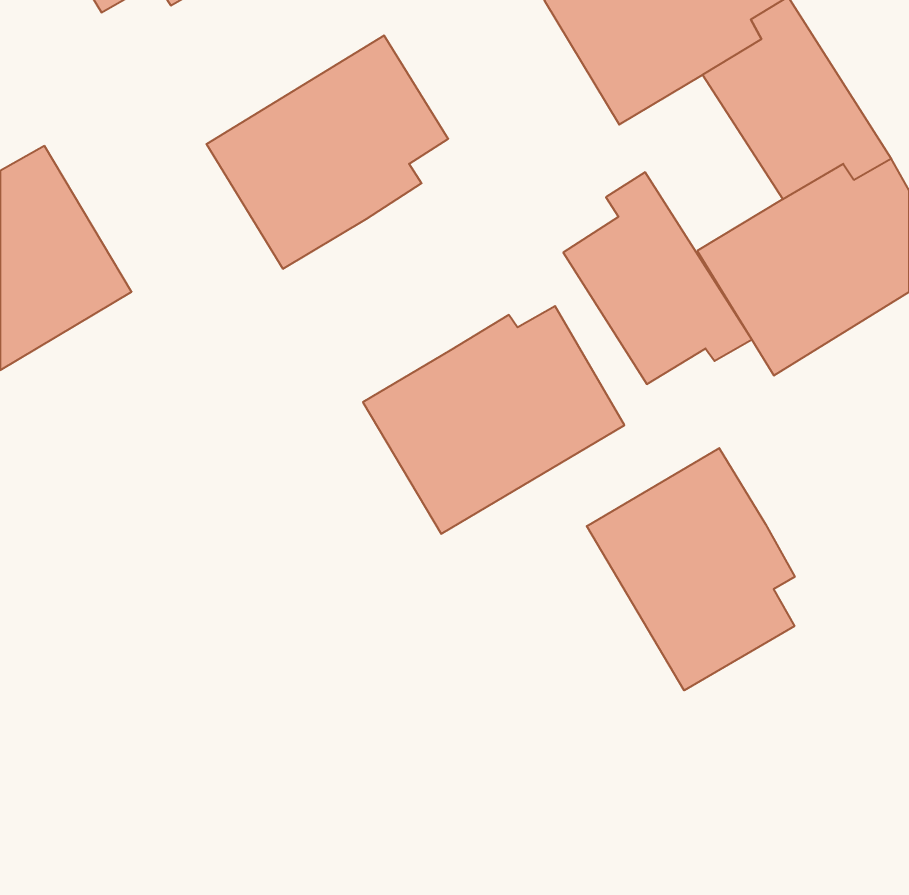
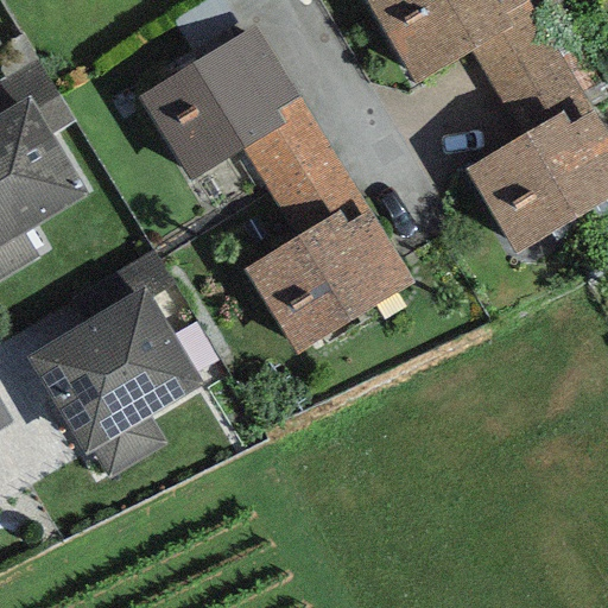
building: [563,172,752,384] -> [245,93,370,234]
building: none -> [26,285,204,456]
building: [587,448,795,690] -> none

